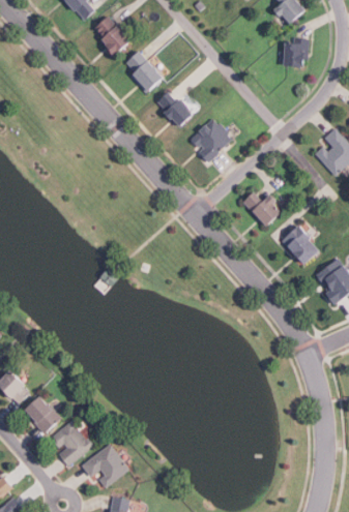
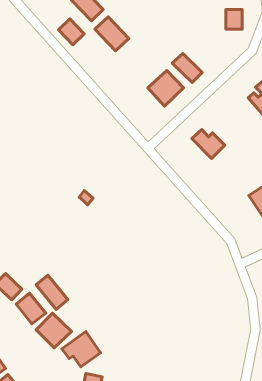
building: none -> [59,19,84,45]
building: [155,90,193,126] -> [172,53,202,82]
building: [281,224,321,264] -> none
building: none -> [36,275,68,309]

